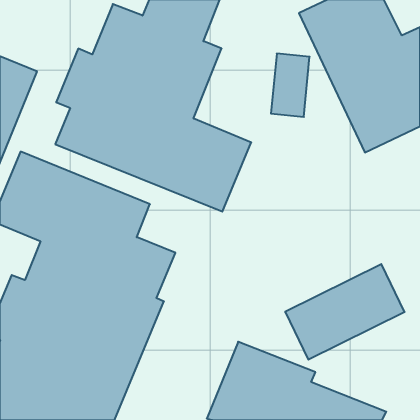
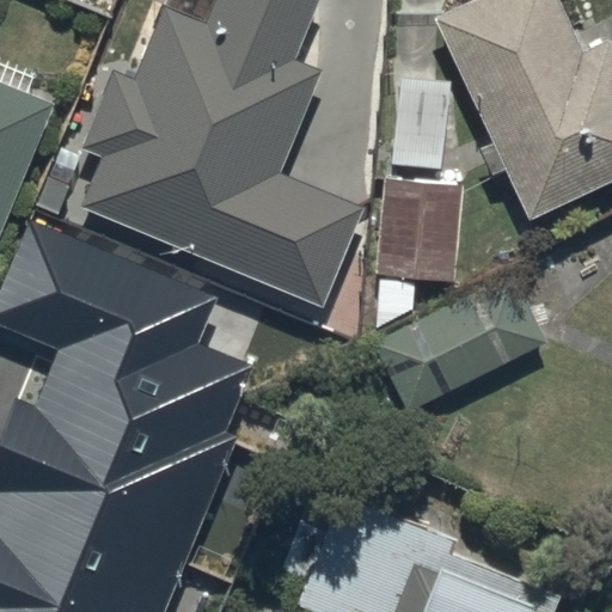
building: none -> [377,178,463,281]
building: [285,264,405,360] -> [374,274,547,412]

